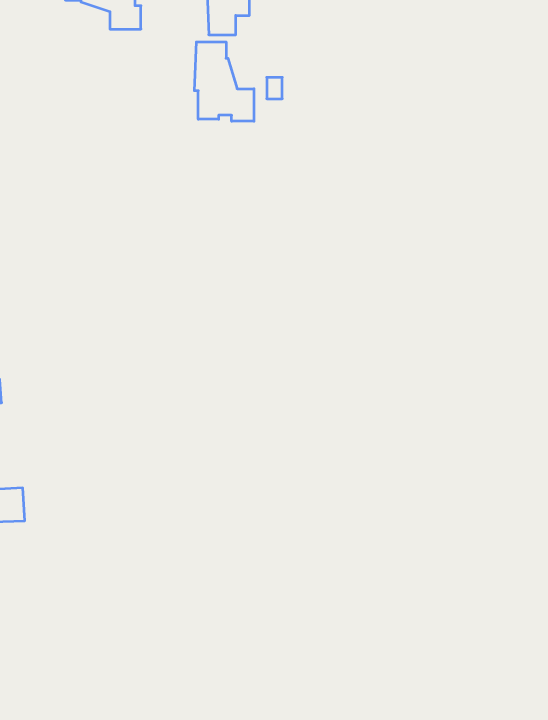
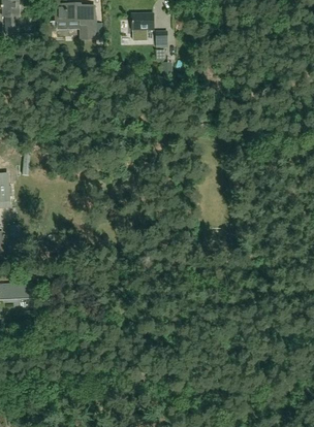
building: [194,42,254,121] -> none

